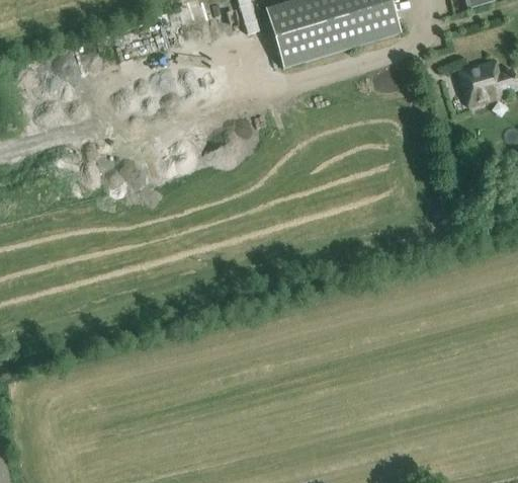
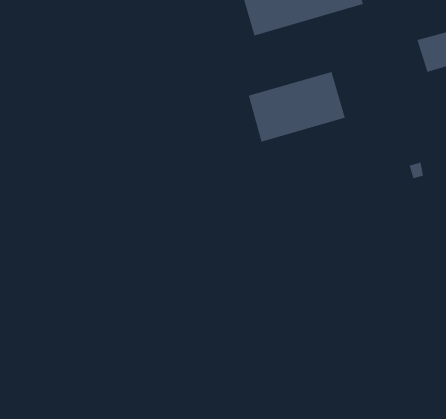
building: none -> [248,71,346,142]

